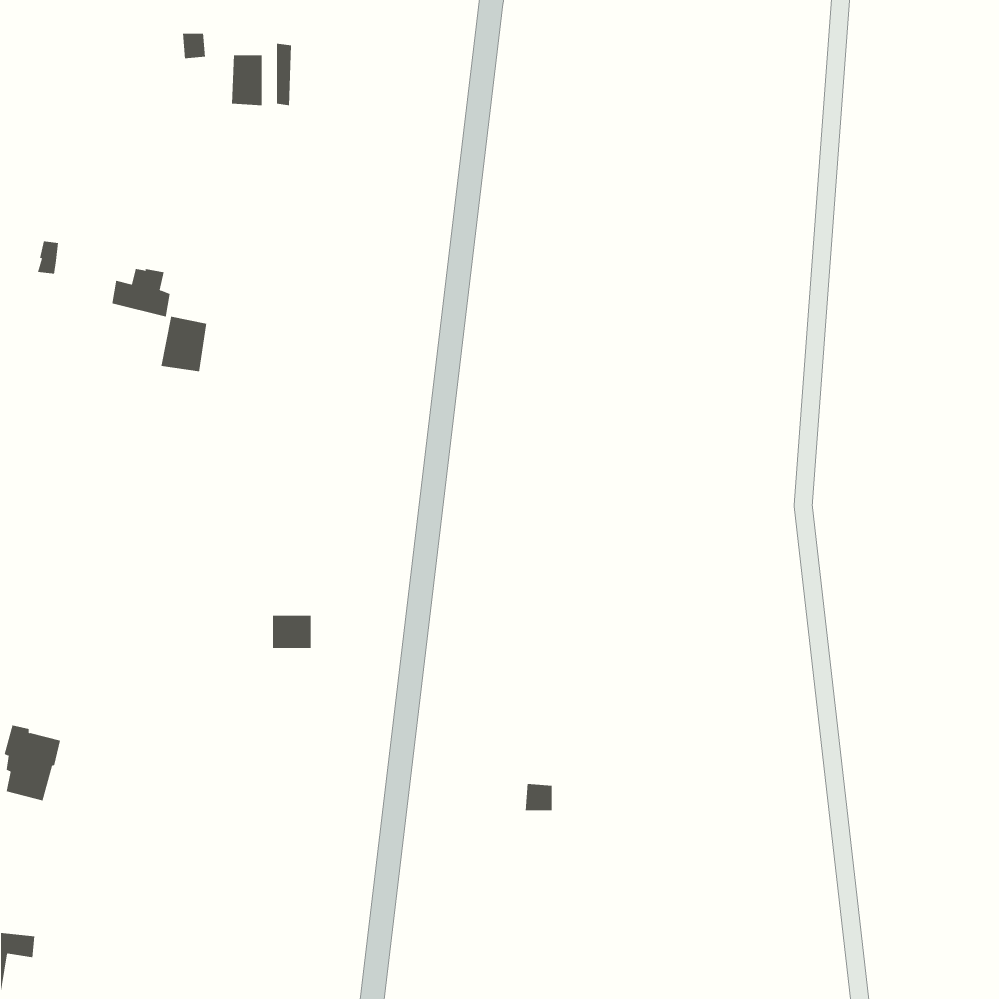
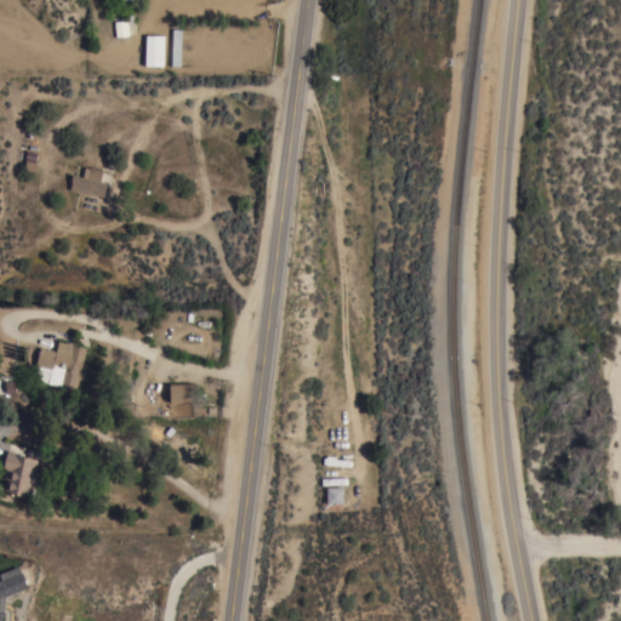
building: [161,316,207,372] -> none
building: none -> [35,341,87,391]

